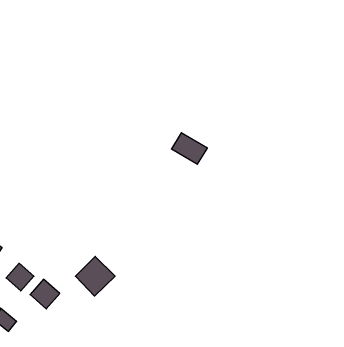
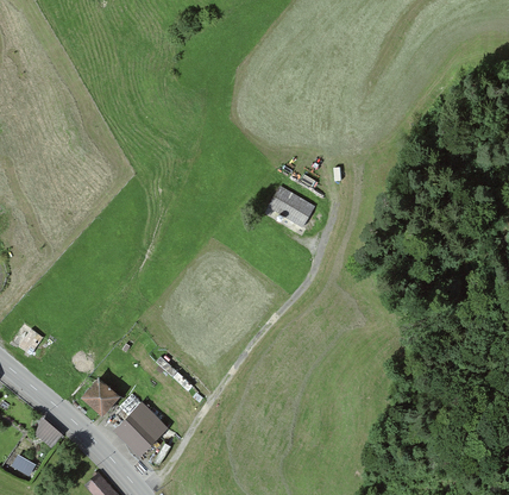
building: [75,256,115,296] -> [115,400,168,452]
building: [6,263,34,291] -> none

